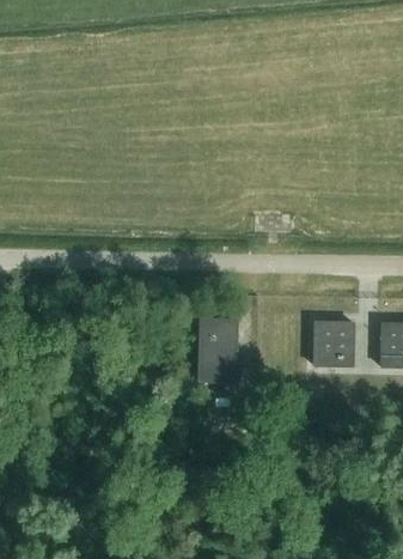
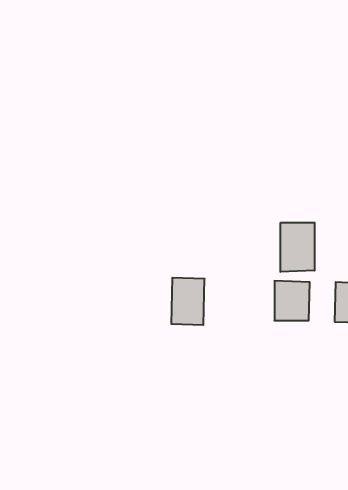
building: none -> [280,223,315,272]

